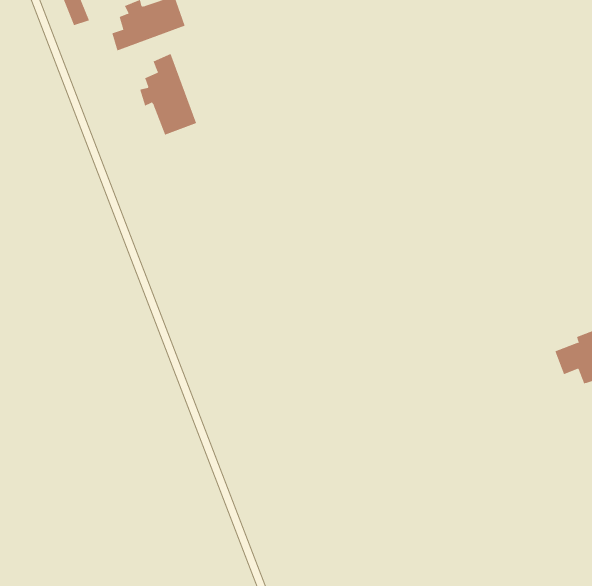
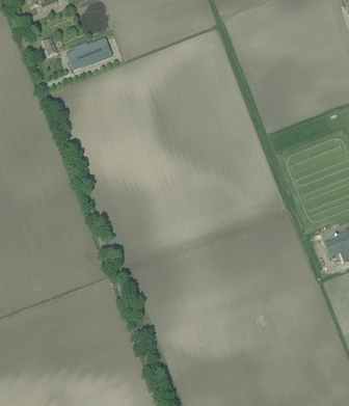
building: [140,53,197,136] -> none

